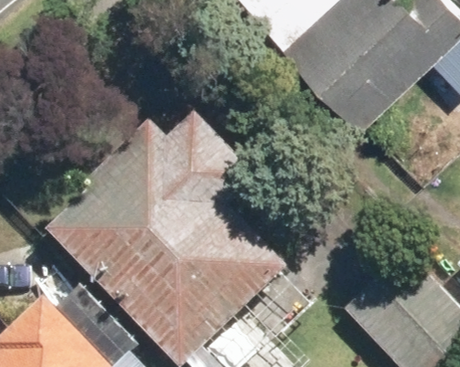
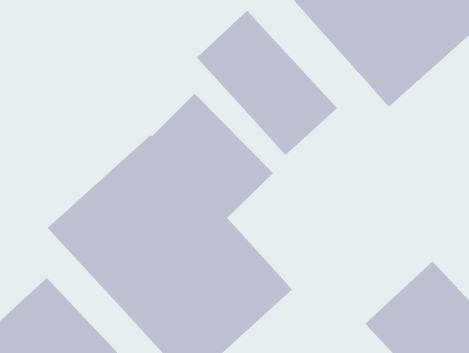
building: none -> [196,10,338,156]

